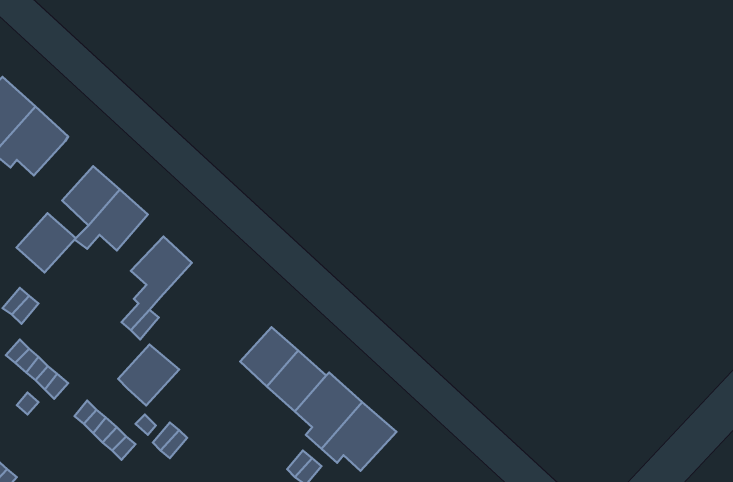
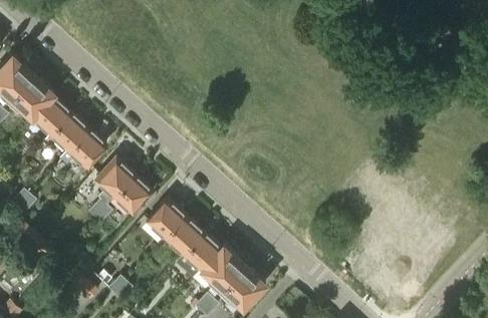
building: [16,213,76,272] -> [34,96,72,134]
building: none -> [149,200,187,238]
building: [118,345,179,406] -> [115,175,155,214]

